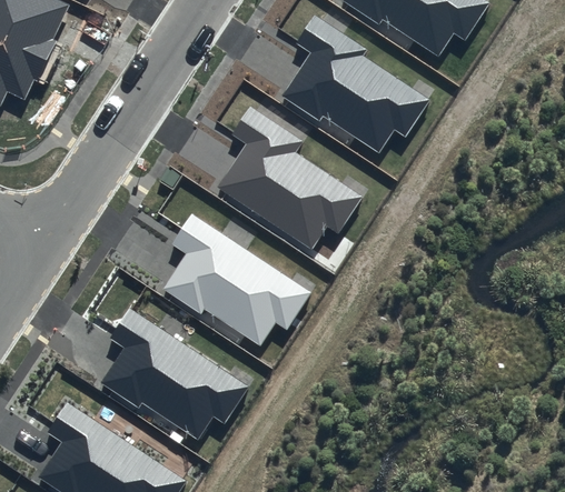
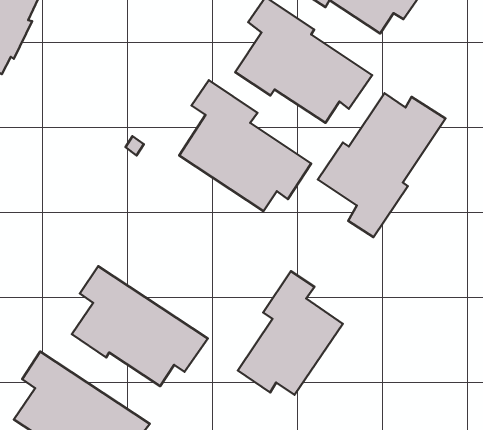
building: none -> [318,93,446,237]
building: [161,213,310,345] -> none
building: none -> [238,271,343,395]

